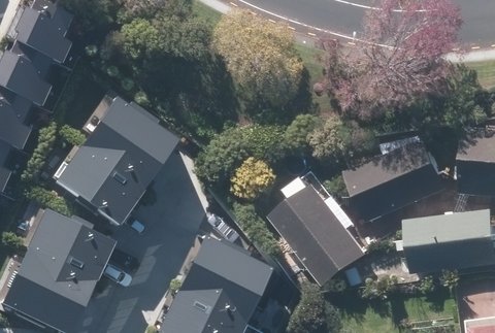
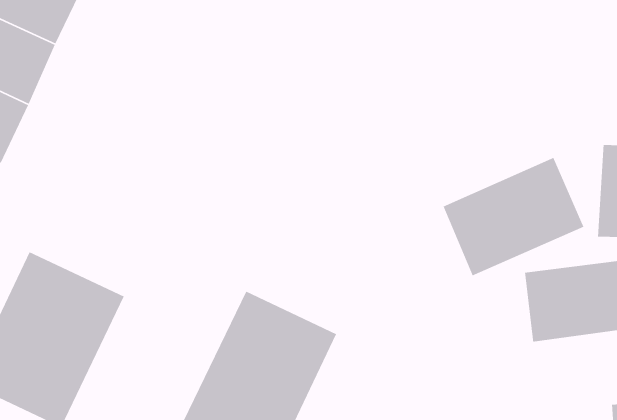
building: [52,97,175,226] -> none
building: [273,171,369,288] -> none

